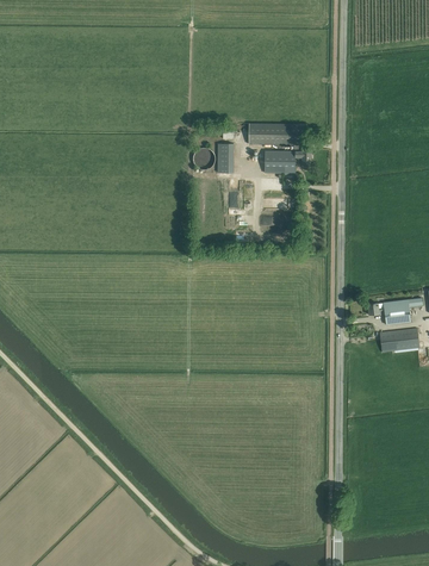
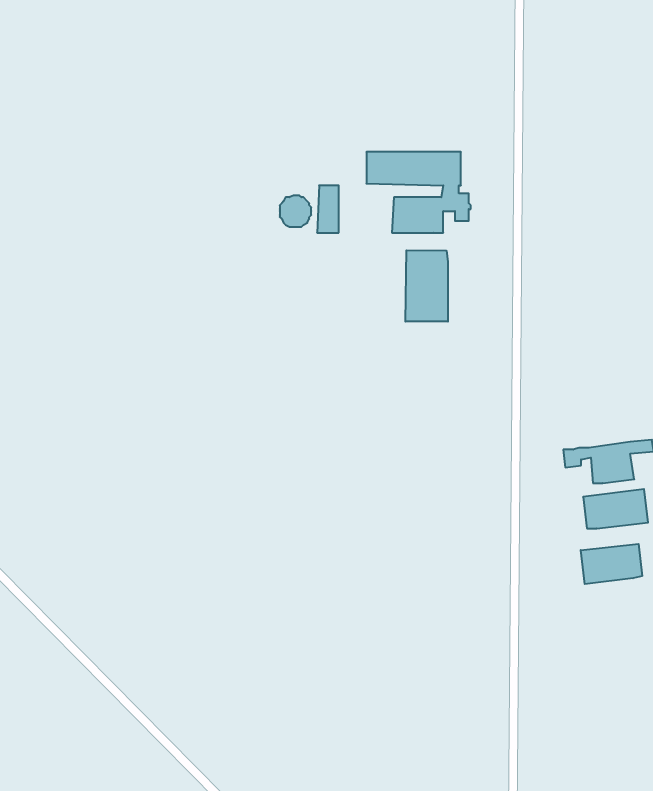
building: none -> [405,250,448,322]
building: none -> [581,544,642,584]

